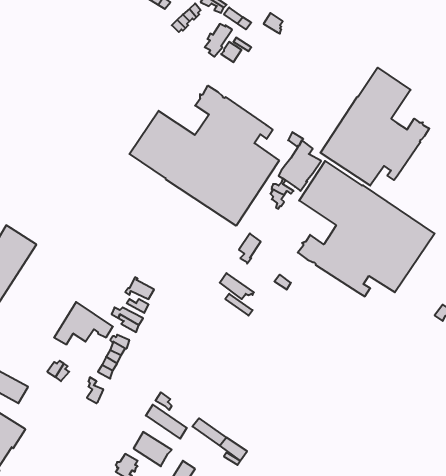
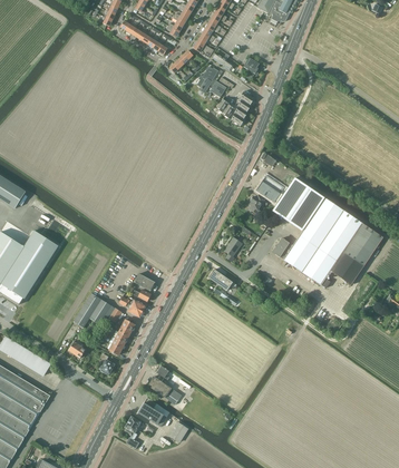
building: none -> [217,91,253,126]
building: [320,68,429,186] -> none
building: [129,86,279,226] -> none

